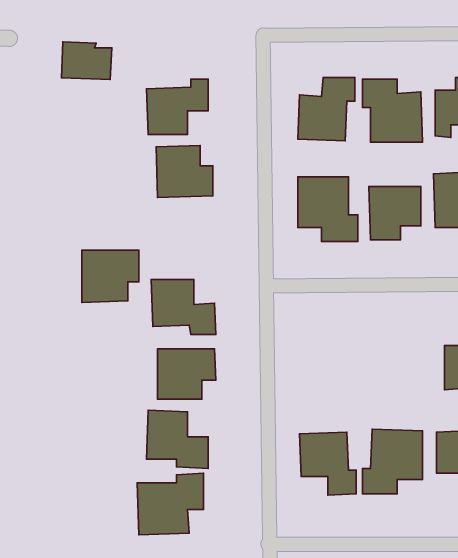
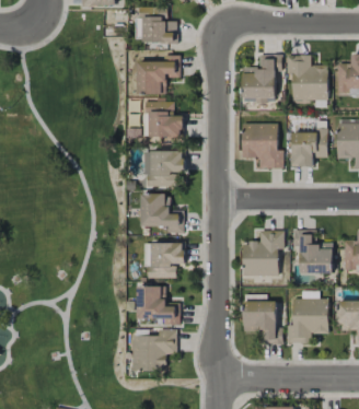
building: [61,42,112,80] -> [142,16,177,43]
building: [82,250,139,302] -> [144,151,184,187]
building: none -> [293,230,333,274]
building: none -> [242,231,283,276]

